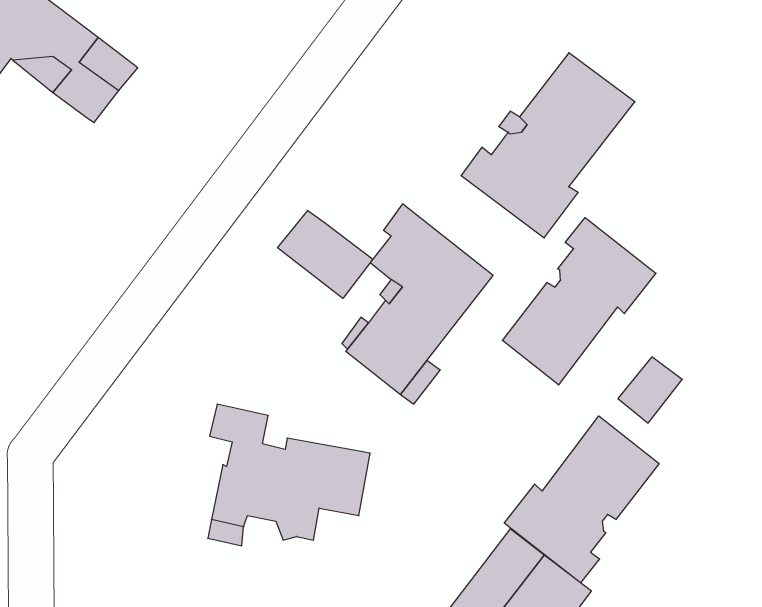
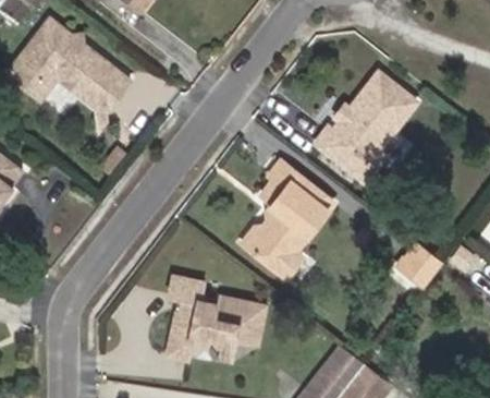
building: [278,210,373,298] -> none
building: [502,218,656,385] -> none
building: [504,416,659,583] -> none

